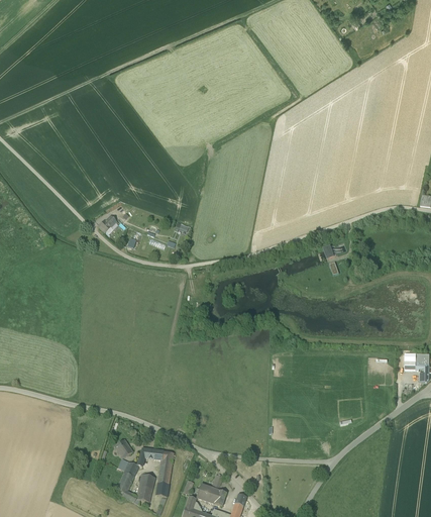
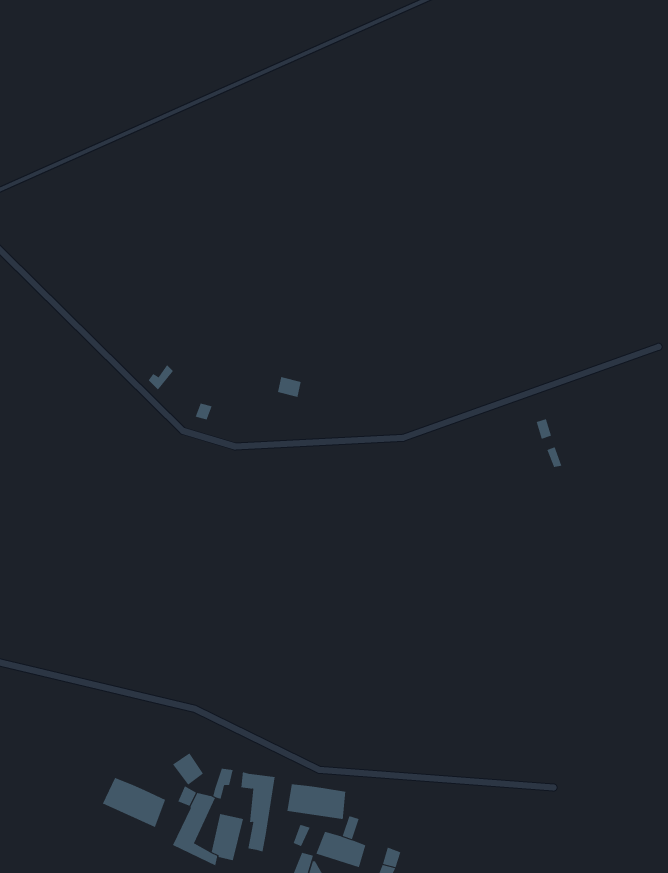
building: none -> [102,777,166,828]
building: none -> [287,784,346,820]

